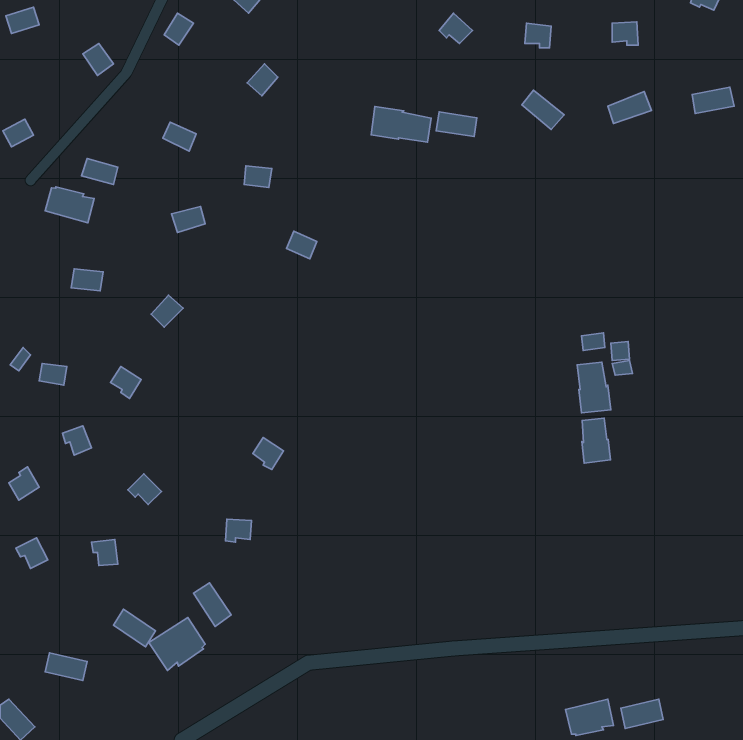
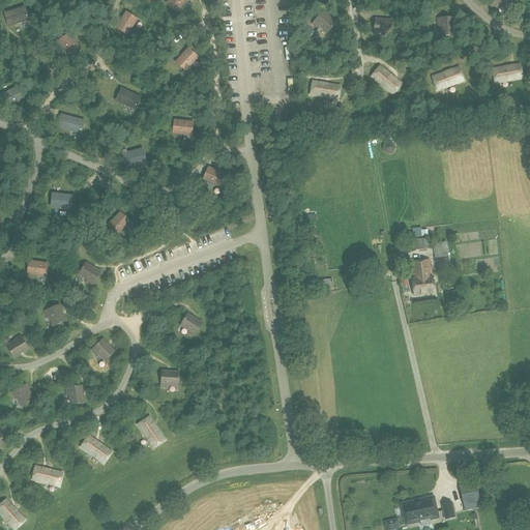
building: [371,106,431,142] -> none
building: [45,187,94,223] -> none
building: [582,418,610,463] -> none
building: [149,617,205,670] -> none

